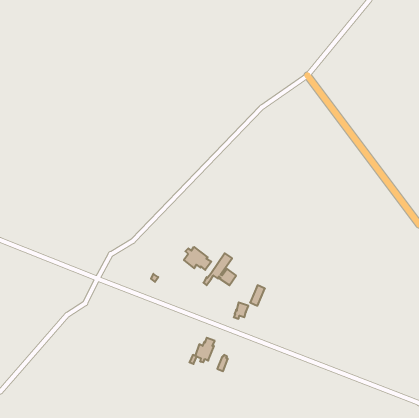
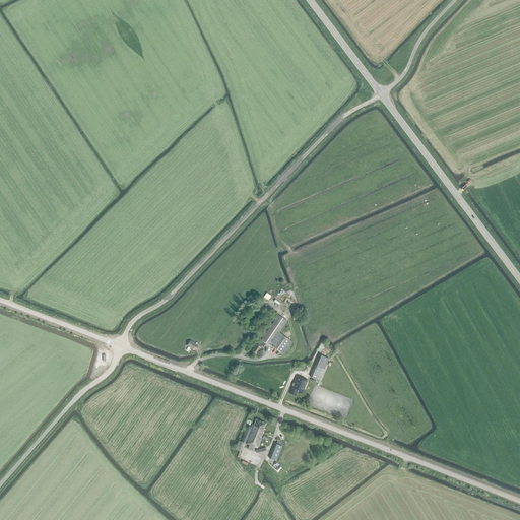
building: [184,247,211,270] -> none

